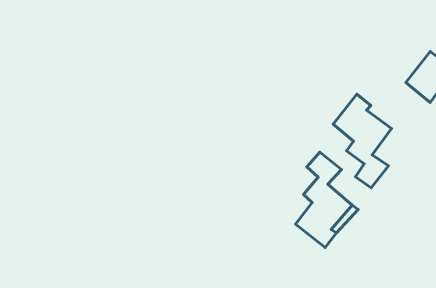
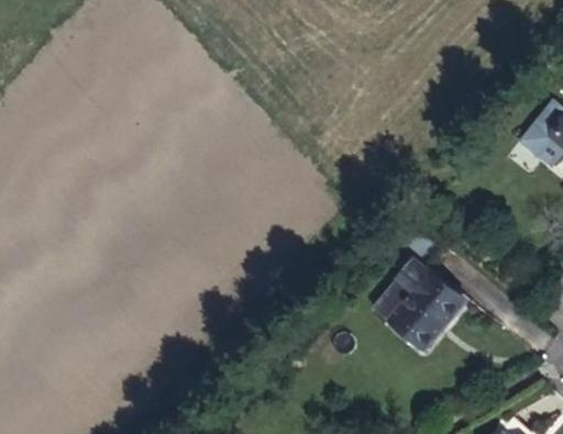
building: [333,94,392,188] -> none

